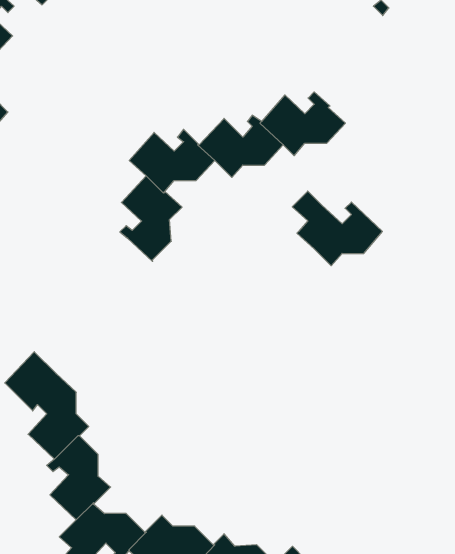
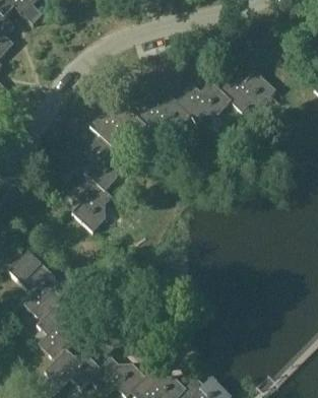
building: [292,191,382,266] -> [216,63,275,112]
building: none -> [71,176,112,231]

